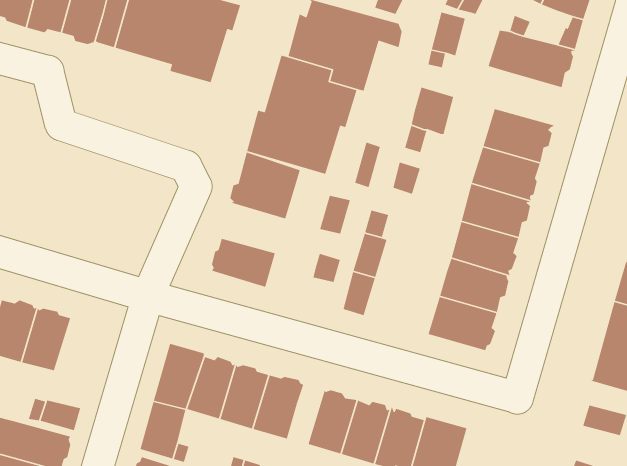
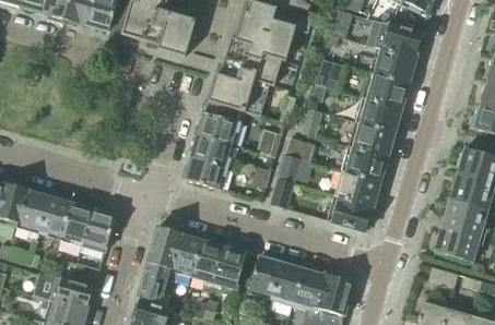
building: none -> [370,48,415,83]
building: none -> [191,134,234,167]
building: none -> [82,209,115,251]

